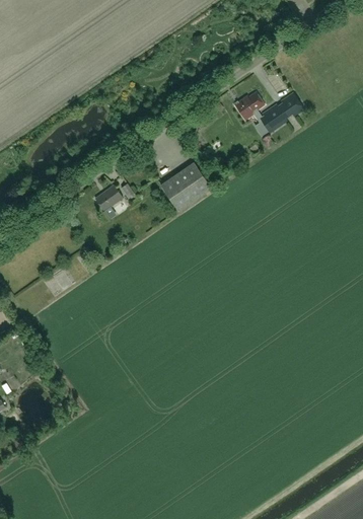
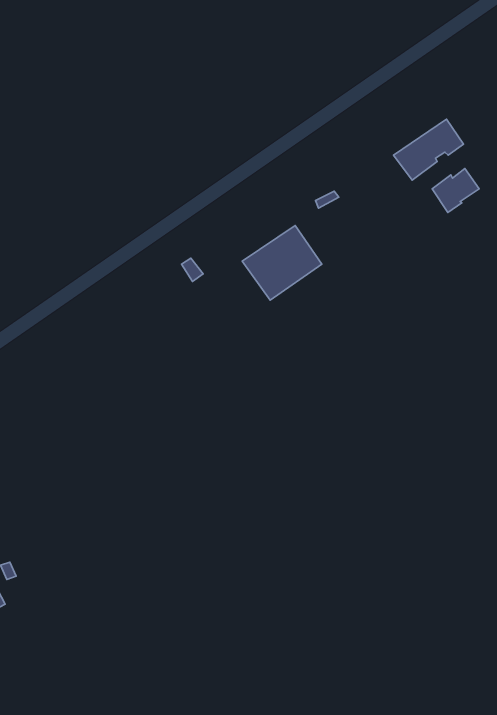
building: [234,91,265,120] -> [432,169,479,212]
building: [94,184,123,212] -> none

